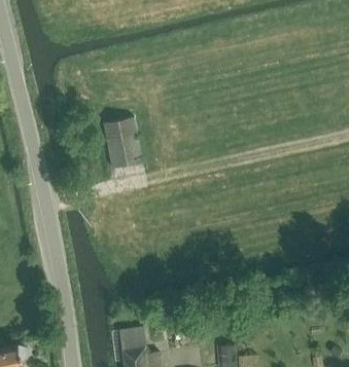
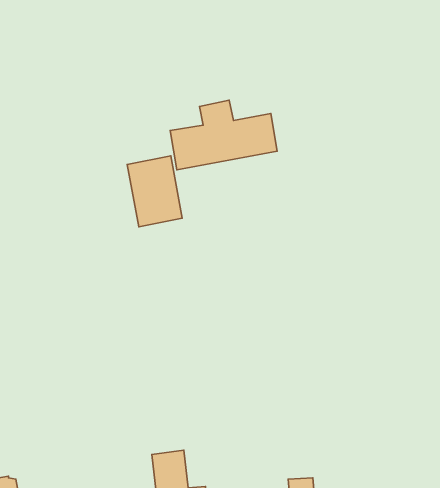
building: none -> [170,100,277,170]

